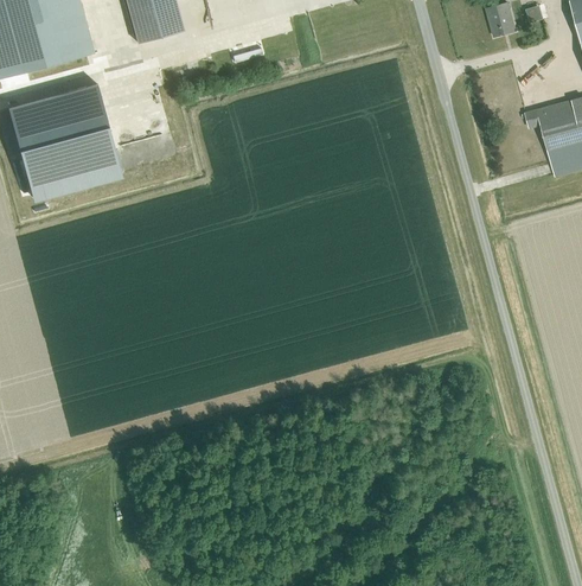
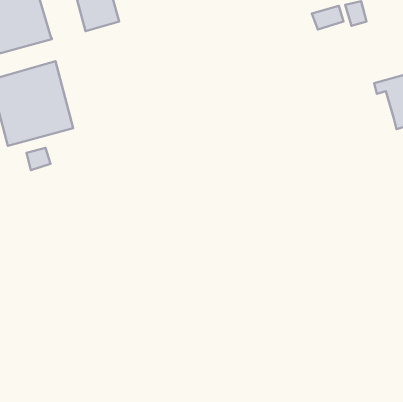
building: none -> [312,6,343,30]
building: none -> [26,148,51,170]

